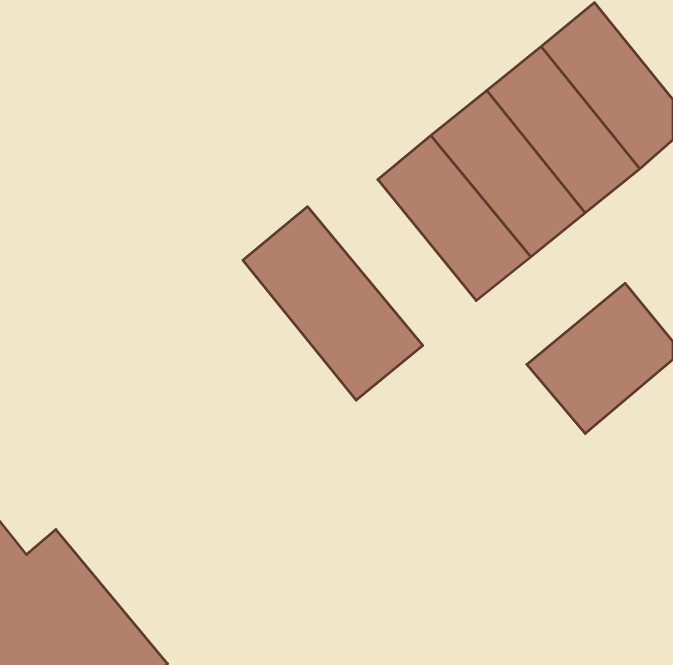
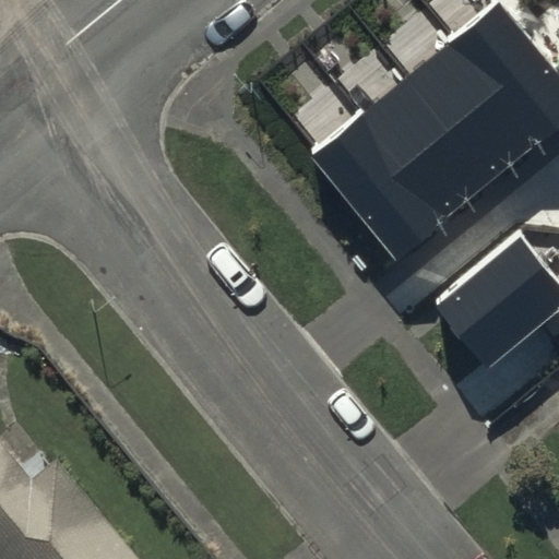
building: [243,207,423,400] -> none

